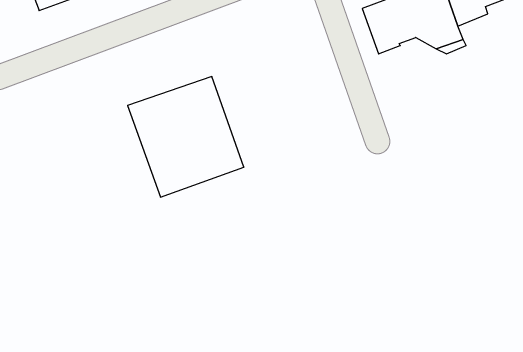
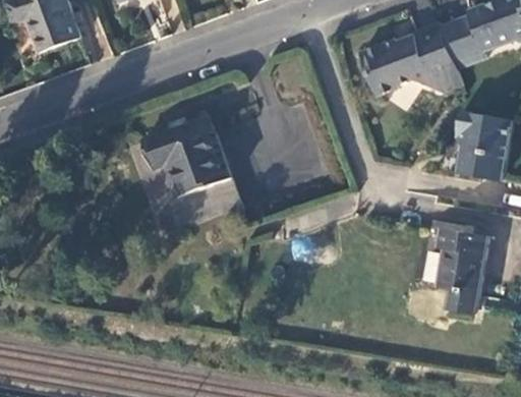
building: none -> [455,112,511,183]
building: none -> [439,230,488,317]

